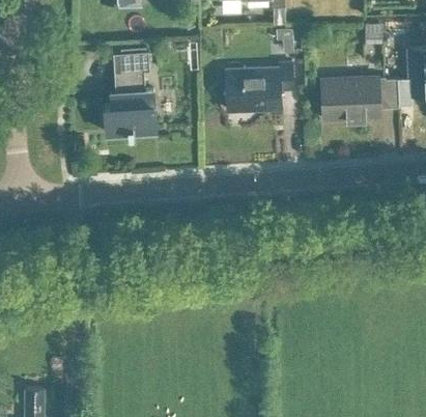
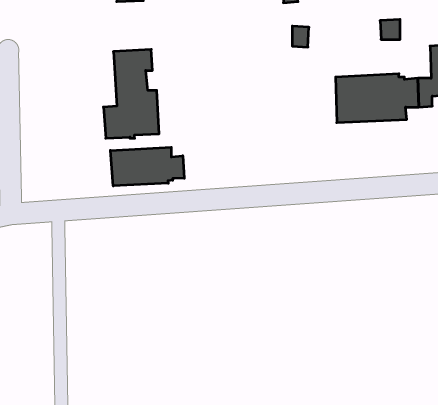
building: [225,62,293,112] -> none
building: none -> [110,147,184,186]

